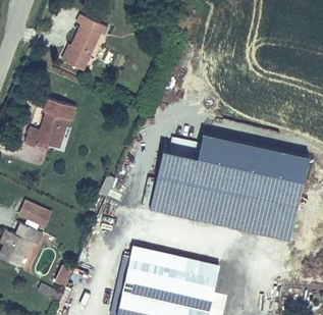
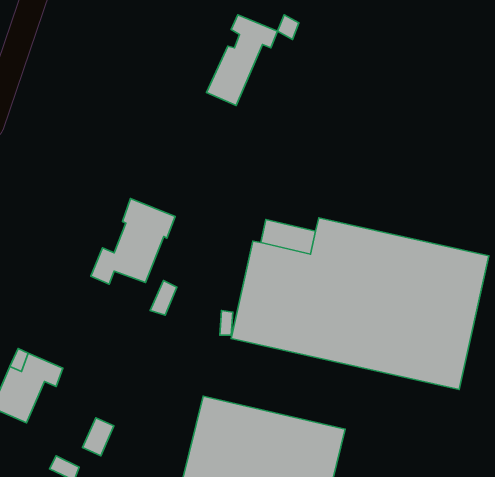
building: [66,13,110,69] -> [206,15,278,106]
building: [25,95,77,148] -> [91,198,175,284]
building: [21,197,54,223] -> none

